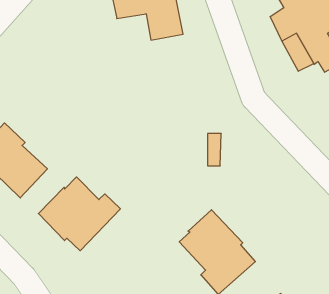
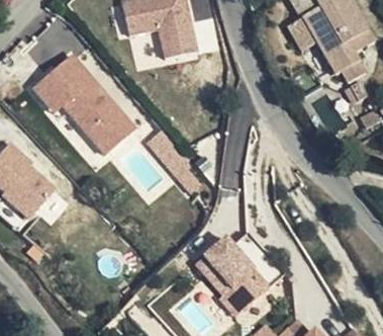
building: none -> [31,53,135,155]
building: [38,177,120,251] -> none

